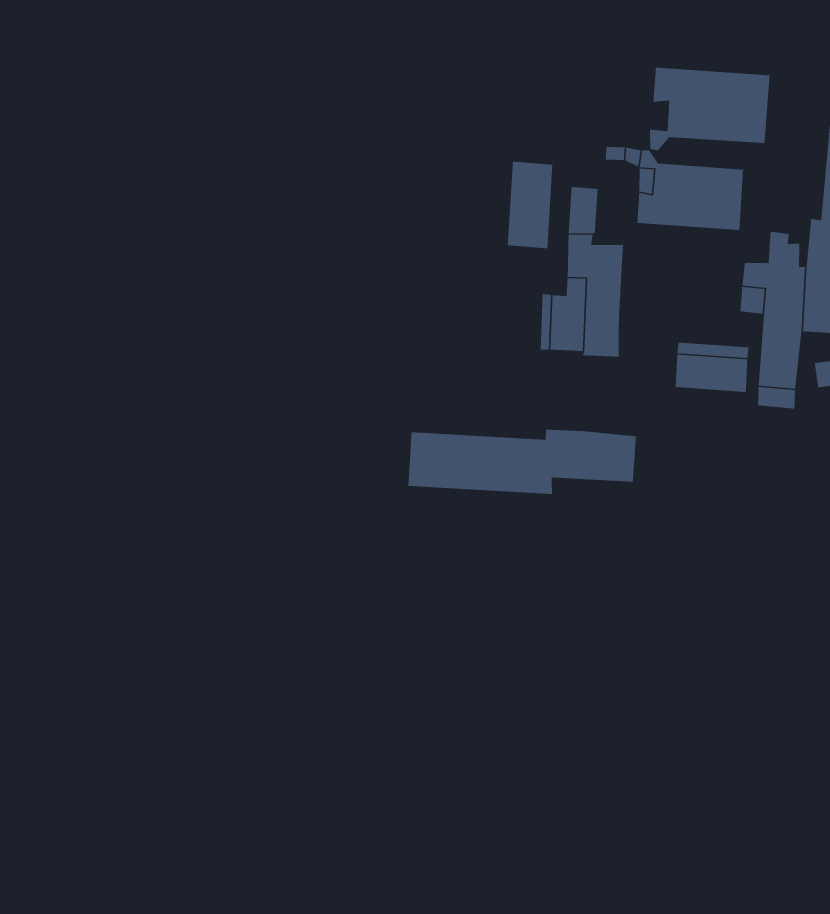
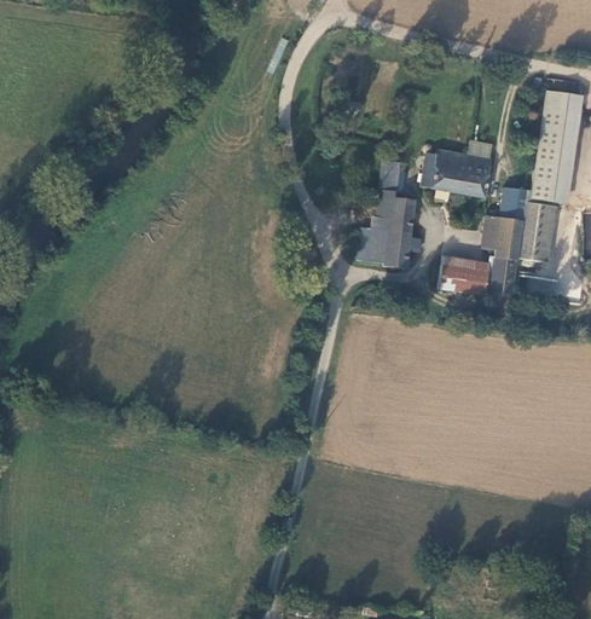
building: [649,67,770,151] -> none
building: [507,161,553,249] -> none
building: [408,429,637,495] -> none

